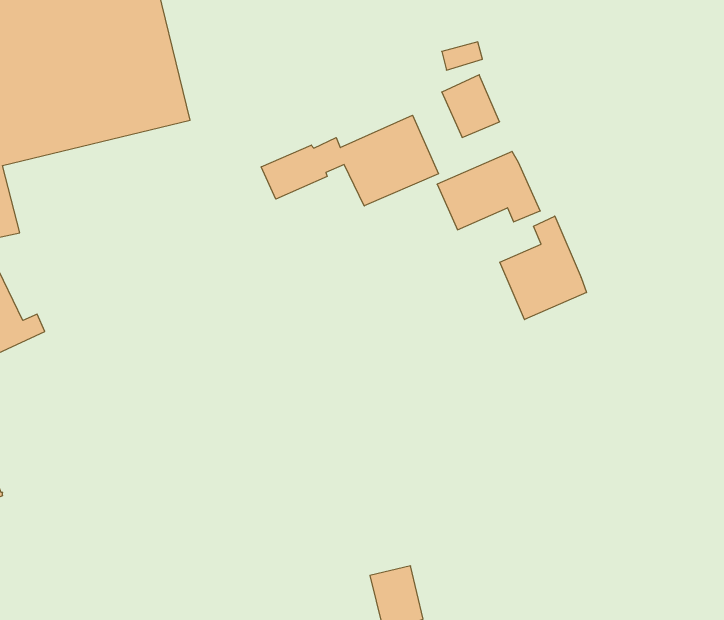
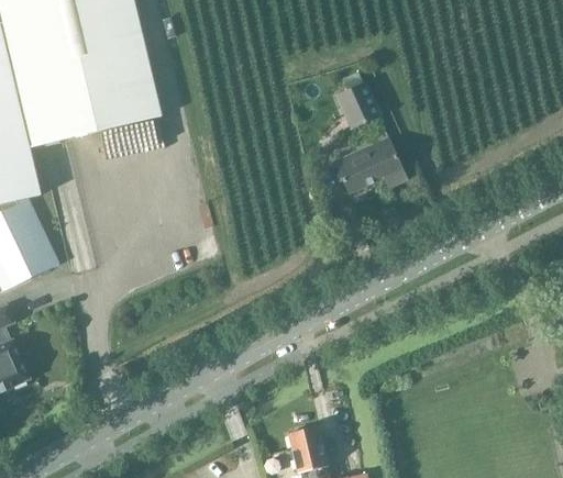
building: [261,115,439,206] -> none
building: [500,216,586,320] -> none

